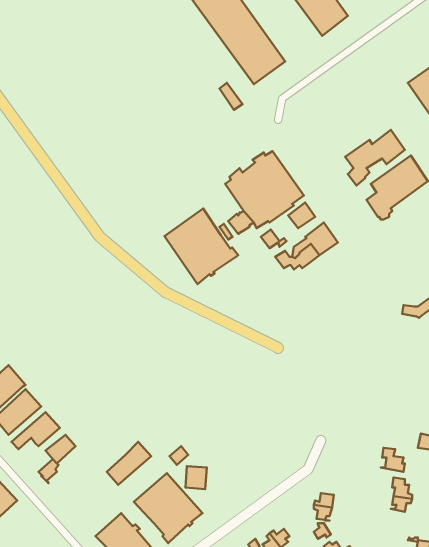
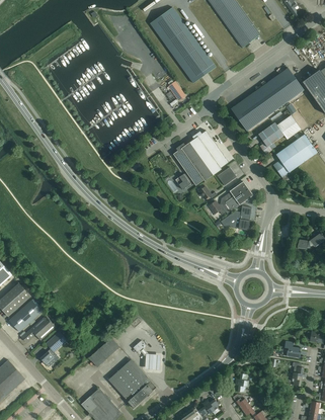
building: none -> [231,68,304,131]
building: [164,208,238,284] -> none
building: none -> [221,205,252,231]

